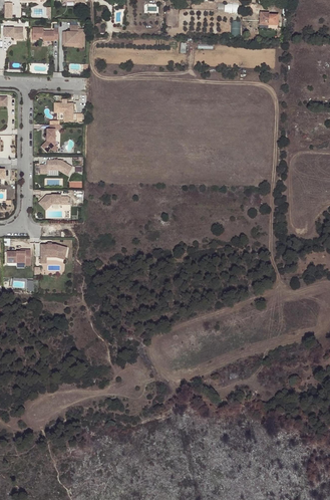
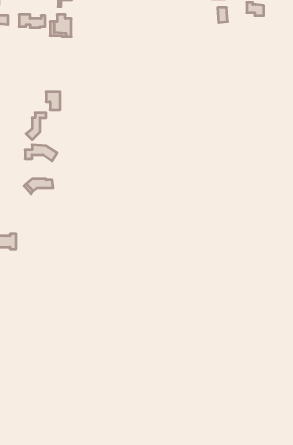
building: [40,241,69,260] -> none

